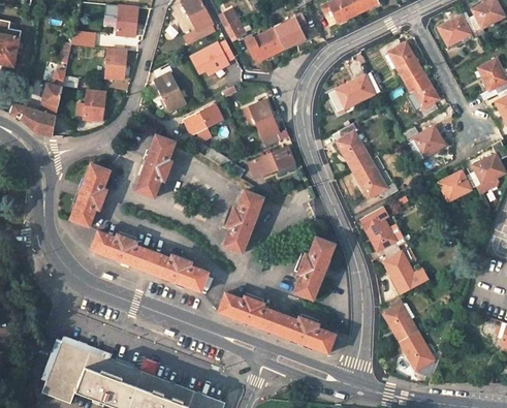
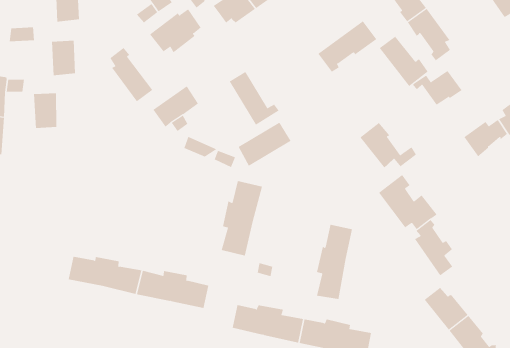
building: [331,125,370,169] -> [379,36,429,87]
building: [133,135,171,196] -> none
building: [69,165,108,226] -> none

